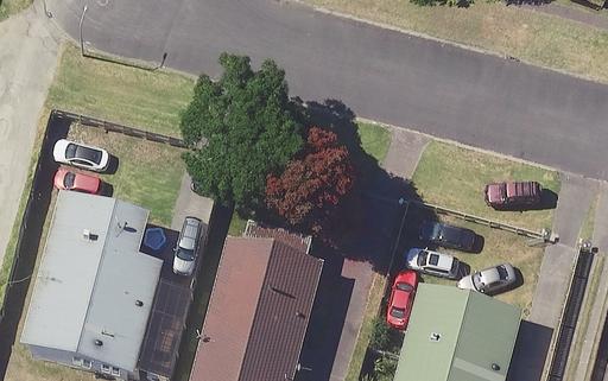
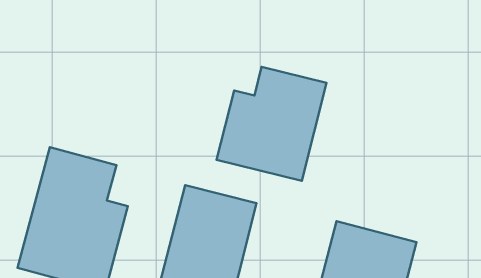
building: none -> [217,67,327,181]

